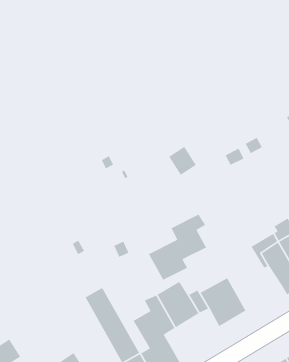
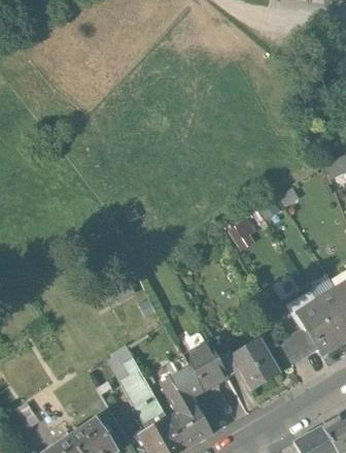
building: [168,146,197,176] -> [229,216,259,248]
building: [148,213,207,281] -> none
building: none -> [278,326,318,363]

